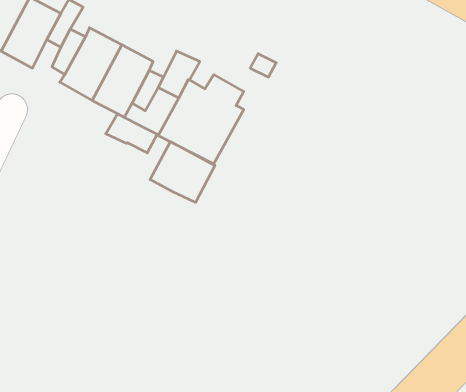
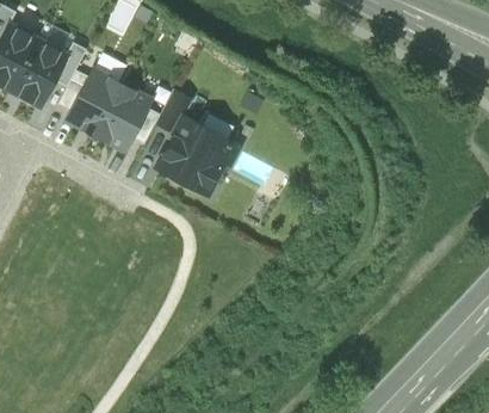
building: [106,114,157,153] -> none
building: [150,142,215,202] -> none

